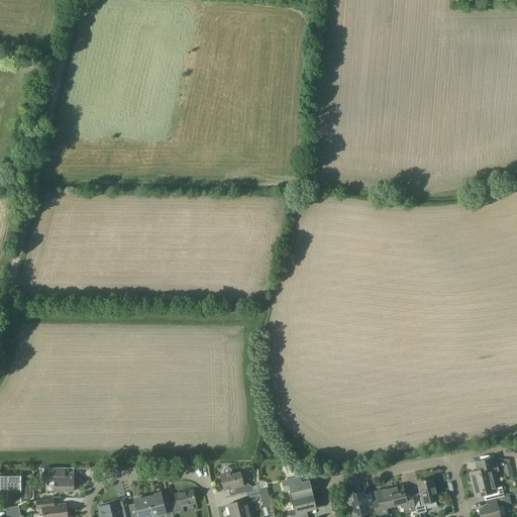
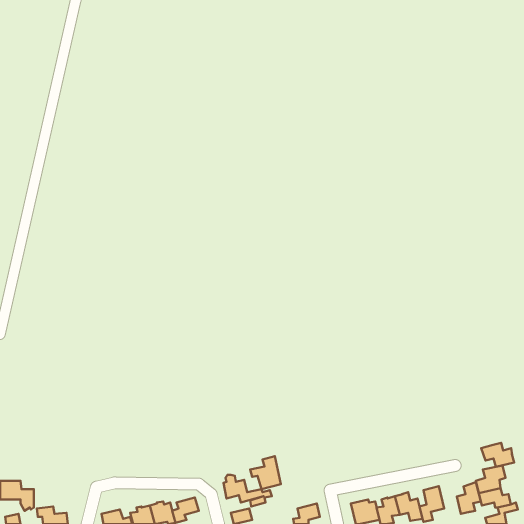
building: none -> [481,443,514,467]
building: [44,468,74,492] -> none
building: [282,469,312,501] -> [250,456,281,489]
building: none -> [457,482,481,514]

